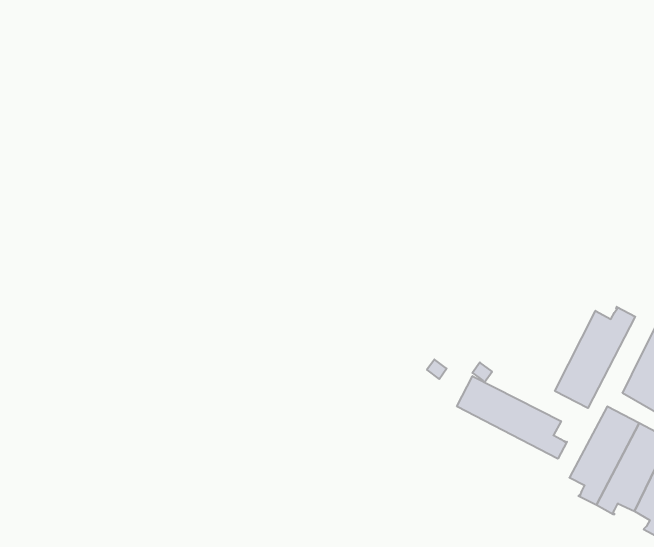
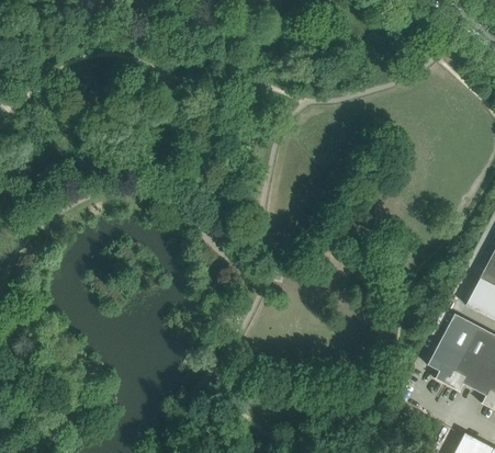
building: [555,307,635,408] -> none
building: [457,376,567,459] -> none

